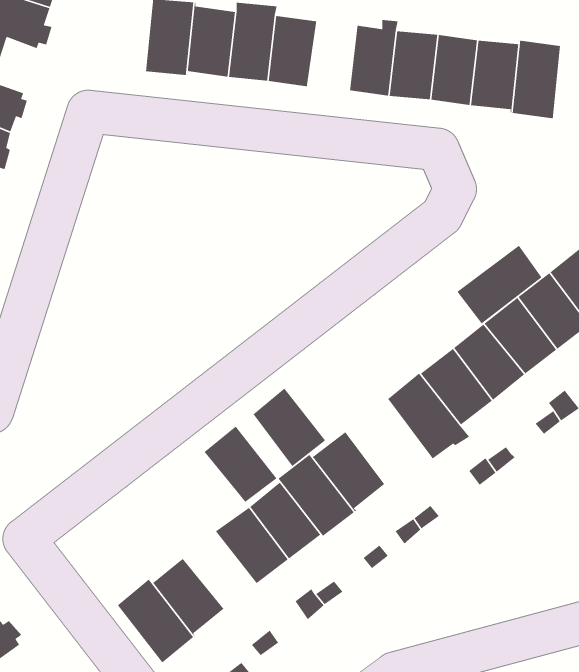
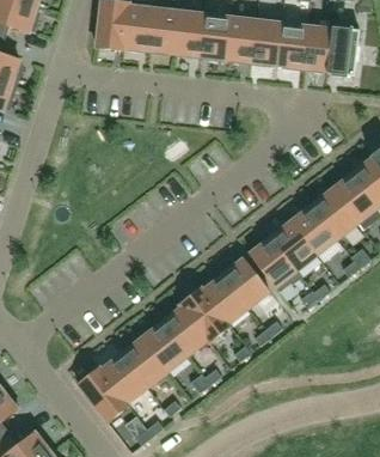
building: none -> [198,14,229,59]
building: [454,242,543,325] -> none
building: [253,388,326,467] -> [222,257,269,307]
building: [204,425,277,503] -> [119,337,166,386]

